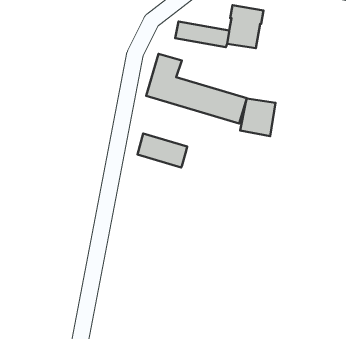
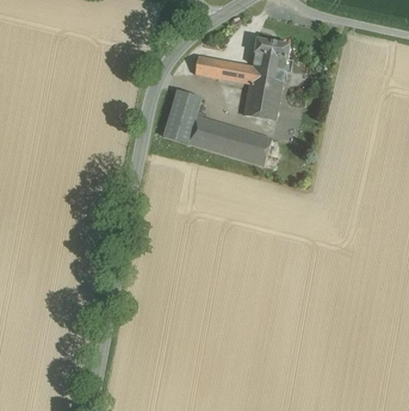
building: [240,99,276,136] -> [243,79,281,119]
building: [138,134,187,167] -> none

